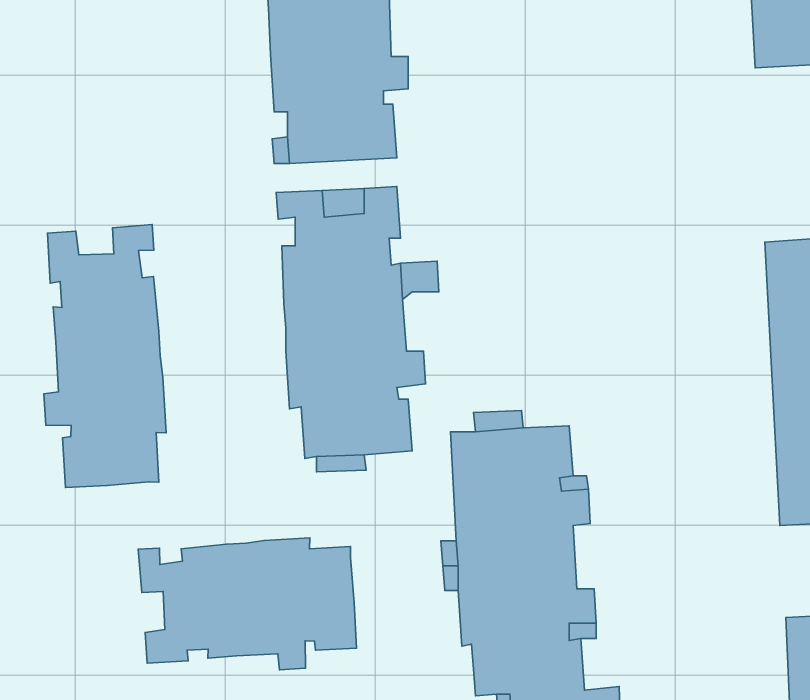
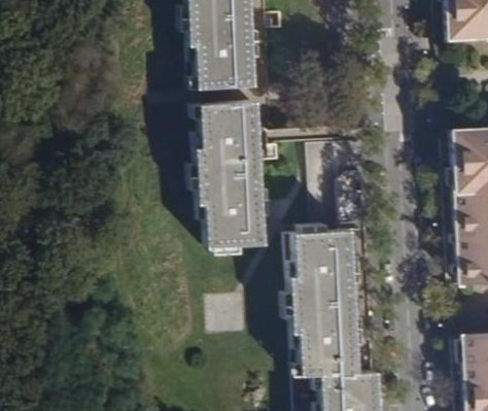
building: [44,224,166,488] -> none
building: [138,538,357,670] -> none

